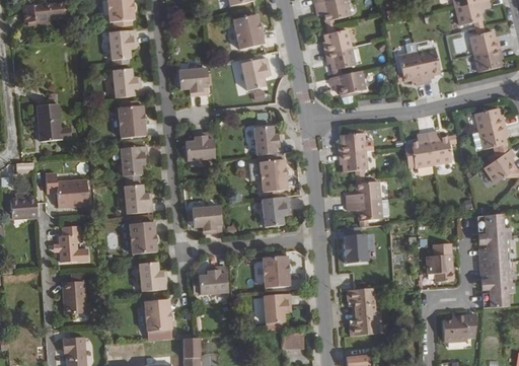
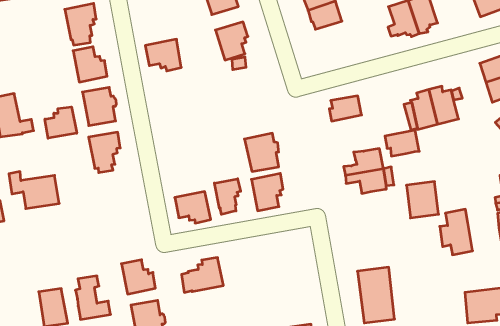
building: [328,70,364,94] -> none
building: none -> [45,107,77,138]
building: [252,126,282,155] -> none
building: [183,132,214,160] -> none
building: [337,150,366,171] -> [385,130,419,156]
building: [123,179,151,214] -> none
building: none -> [214,179,241,214]
building: [128,221,157,254] -> none
building: [58,225,87,263] -> [75,276,111,319]
building: [343,234,369,265] -> [406,182,439,218]
building: [261,255,290,288] -> none
building: [263,293,290,322] -> none

